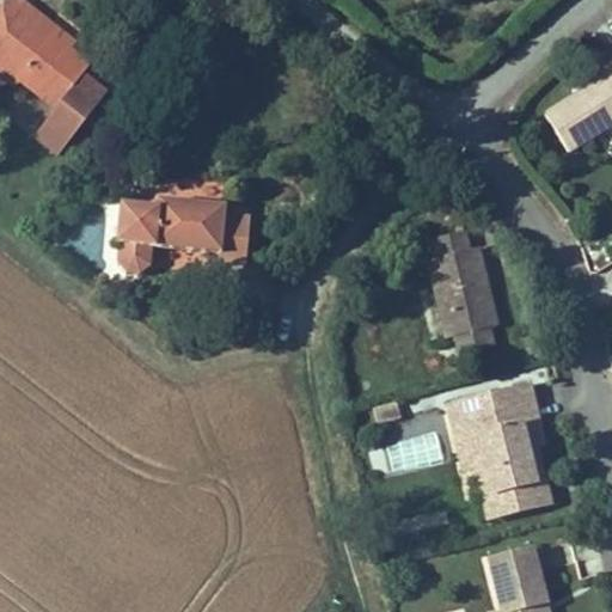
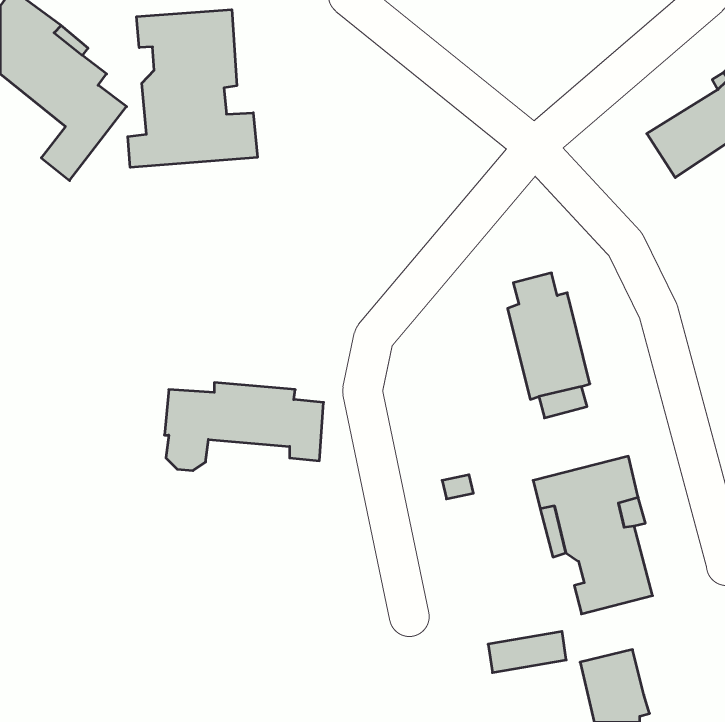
building: none -> [128,10,257,167]
building: [116,197,250,271] -> [164,383,324,471]
building: [374,433,440,467] -> [488,631,566,673]

